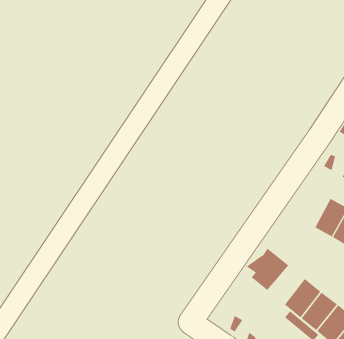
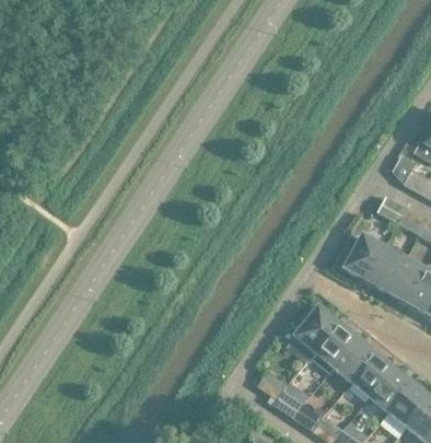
building: none -> [342,236,387,281]
building: none -> [317,324,359,368]

